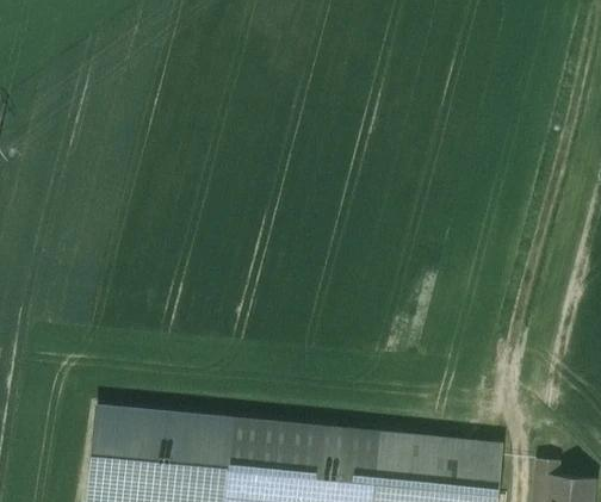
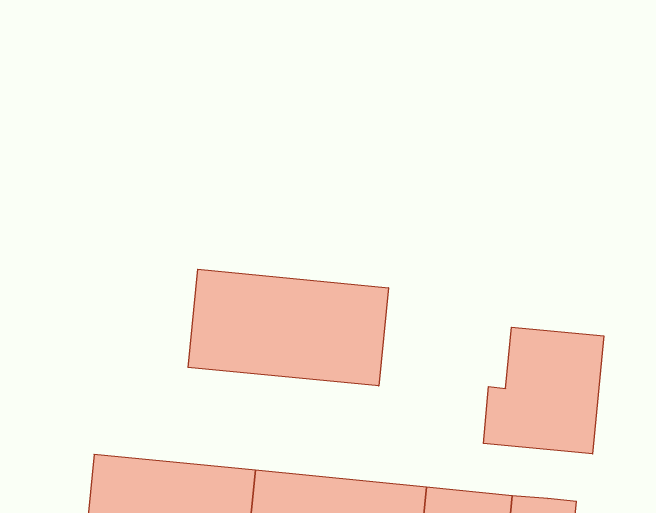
building: none -> [188,269,388,386]
building: none -> [483,327,604,454]

